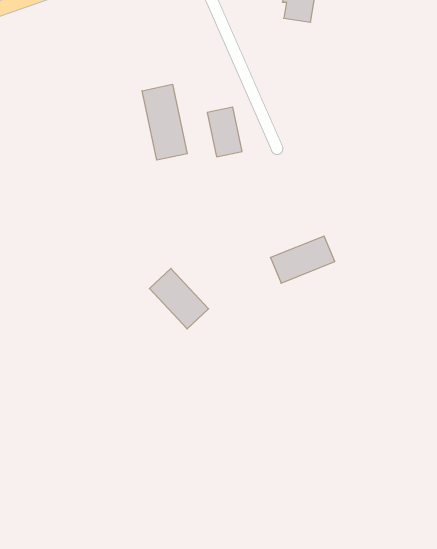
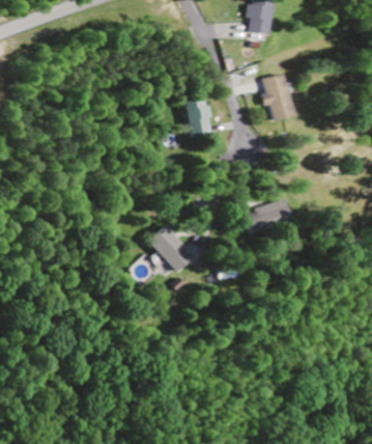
building: none -> [263,76,292,121]
building: [142,84,187,160] -> none

